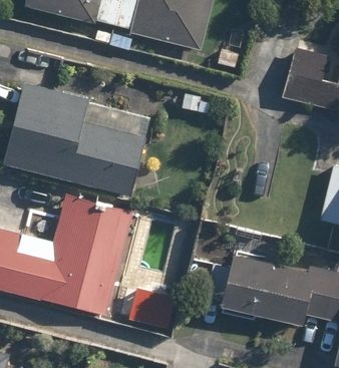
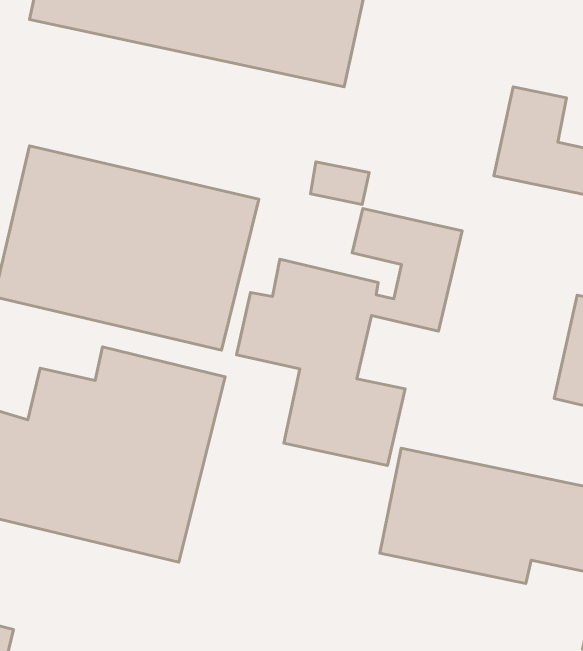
building: none -> [236,209,462,466]

